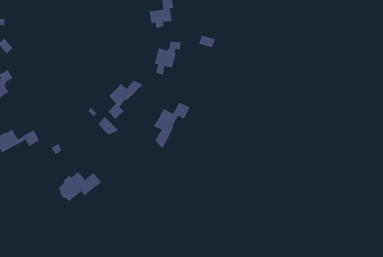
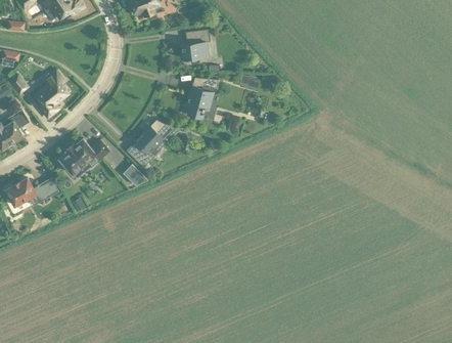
building: none -> [35,70,67,117]
building: [153,102,190,149] -> none
building: [58,171,102,202] -> [59,138,109,173]

